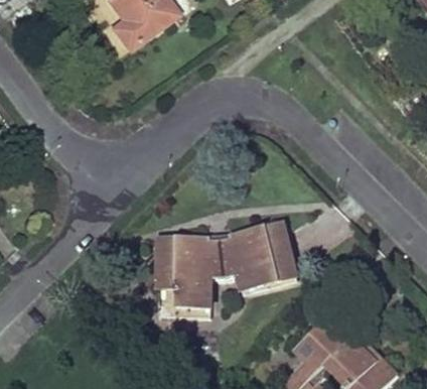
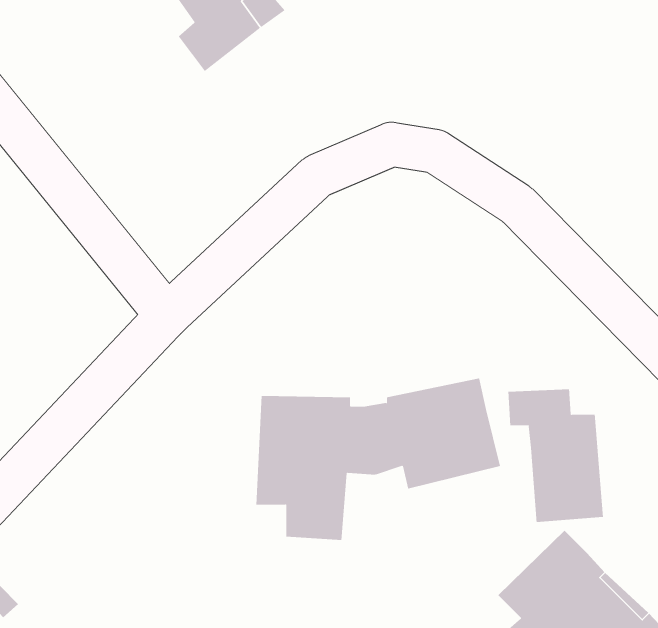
building: none -> [508,388,603,523]

